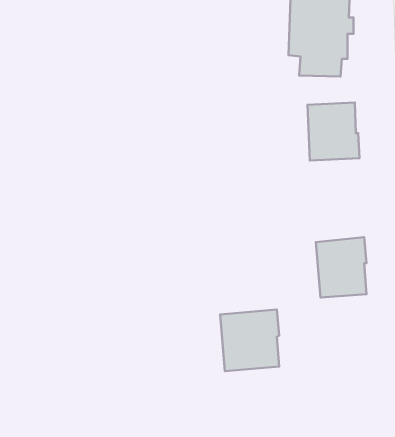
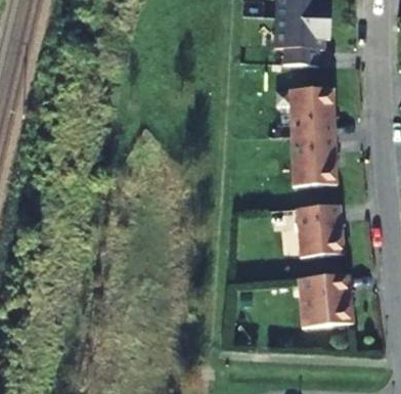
building: none -> [293,138,336,188]
building: [220,310,279,371] -> [301,276,352,330]

